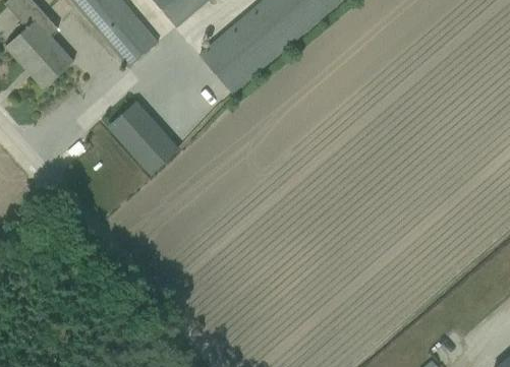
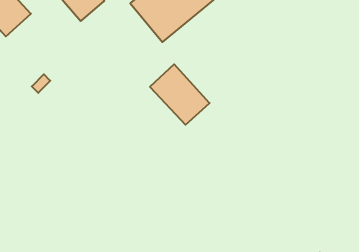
building: [107,97,182,173] -> [150,64,210,125]

